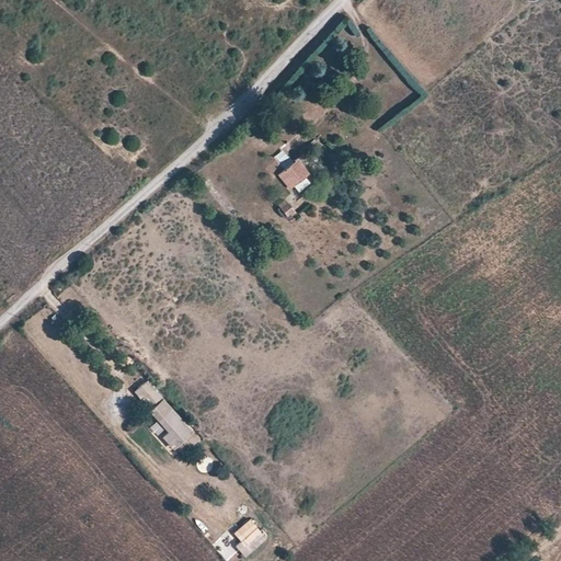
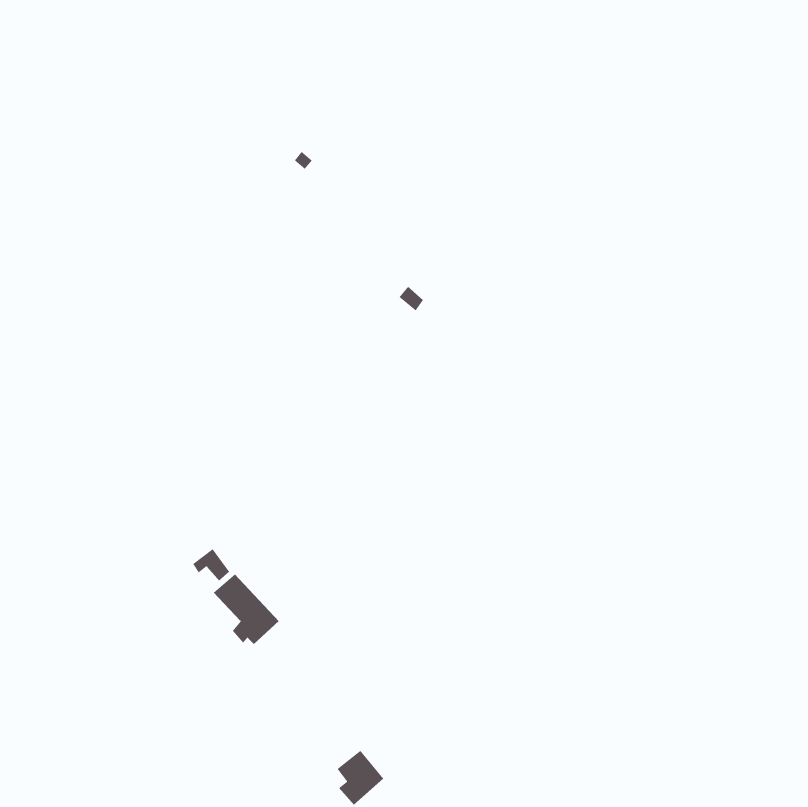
building: [278,160,309,190] -> none

